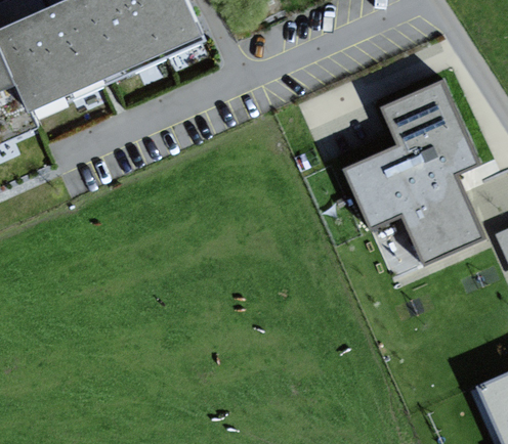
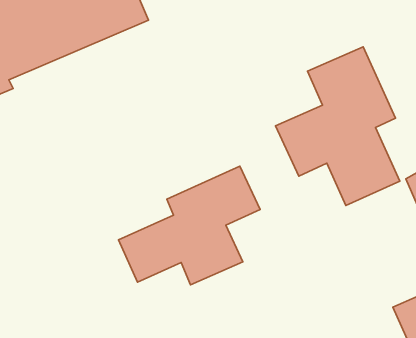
building: none -> [118,166,260,285]

